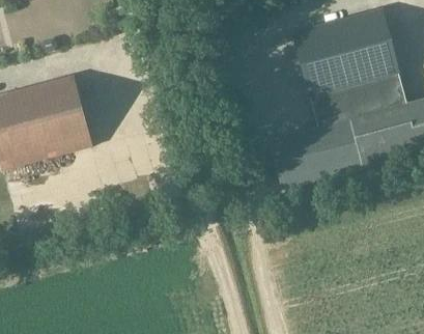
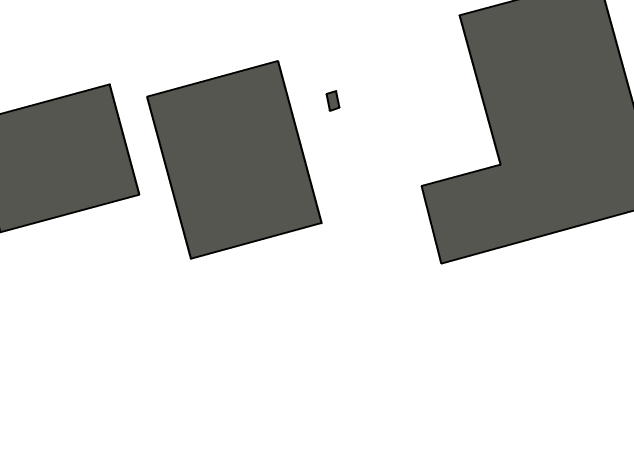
building: none -> [147,61,322,259]

